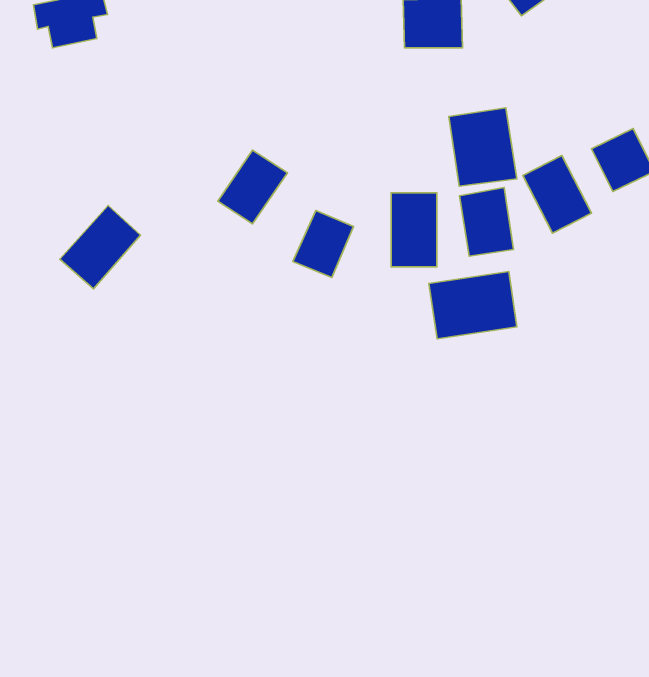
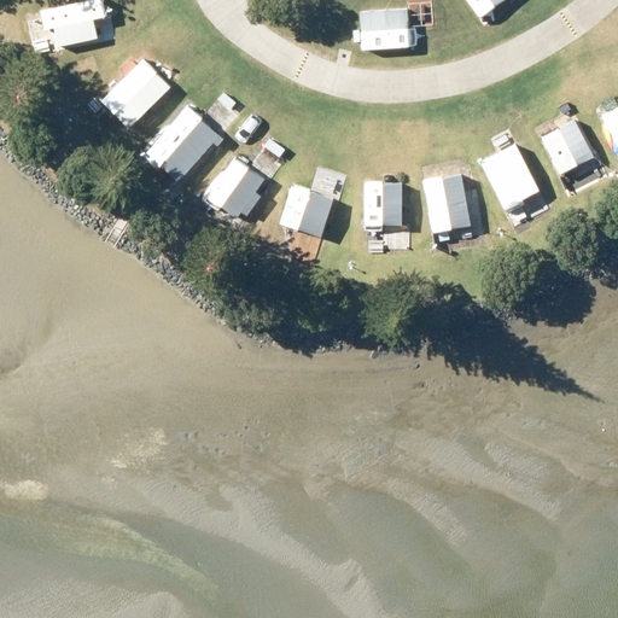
building: none -> [101,59,173,130]
building: [449,108,517,186] -> none
building: [60,206,141,289] -> [145,106,217,181]
building: [429,271,517,339] -> none

